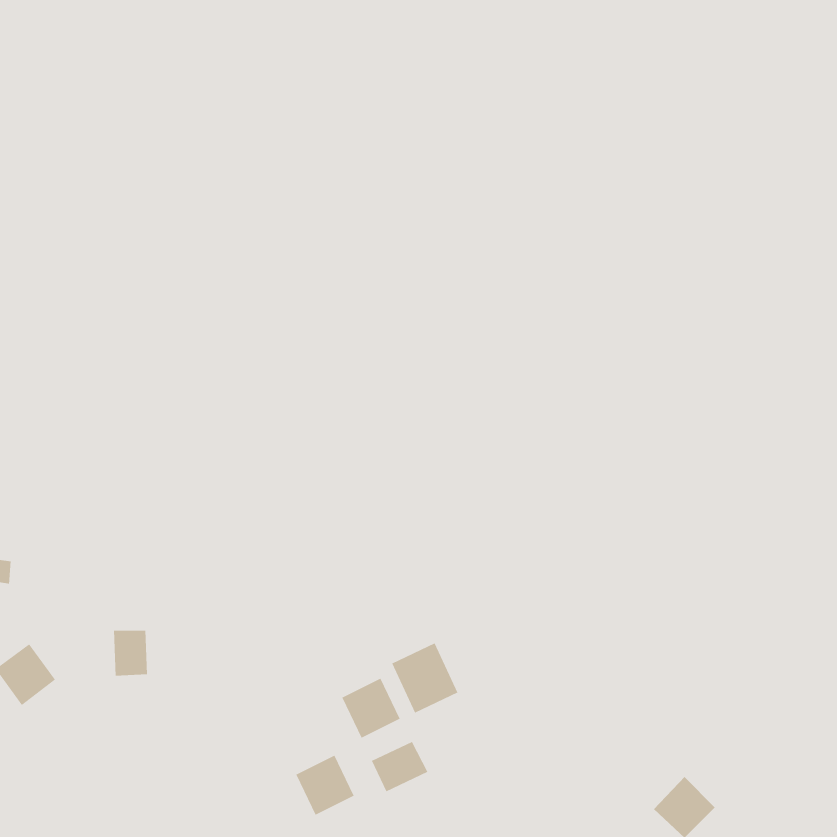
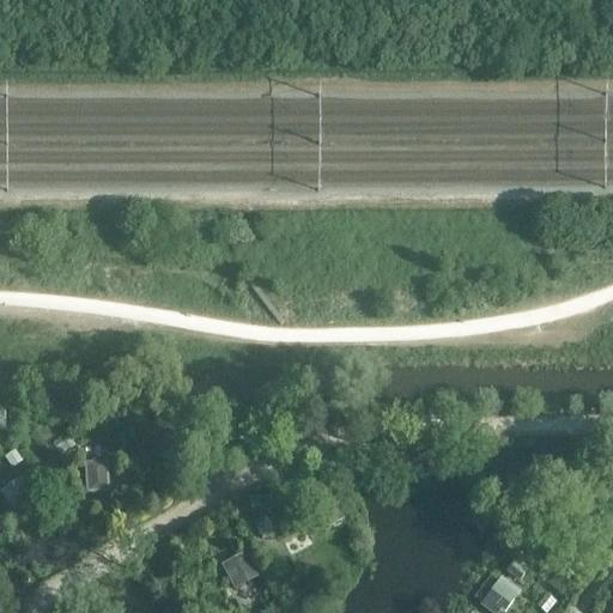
building: [392,643,458,713] -> none
building: [371,741,428,792] -> none

